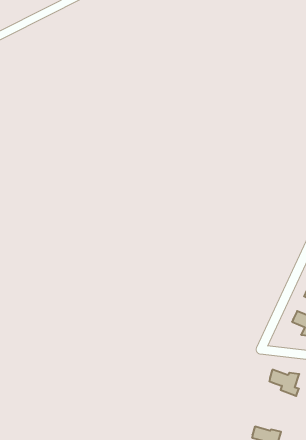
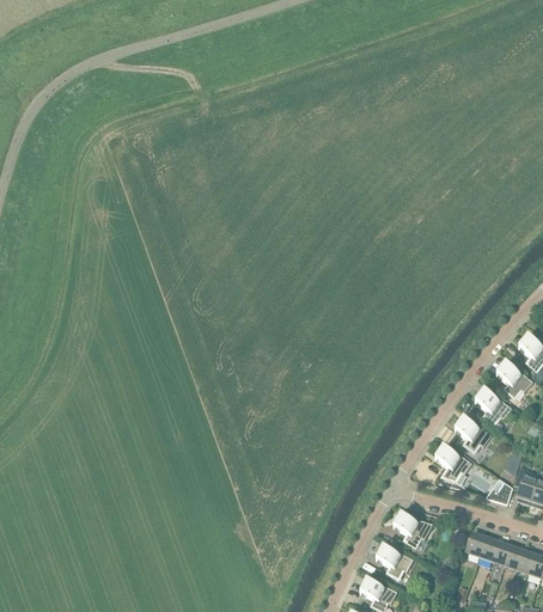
building: none -> [376,545,413,577]

